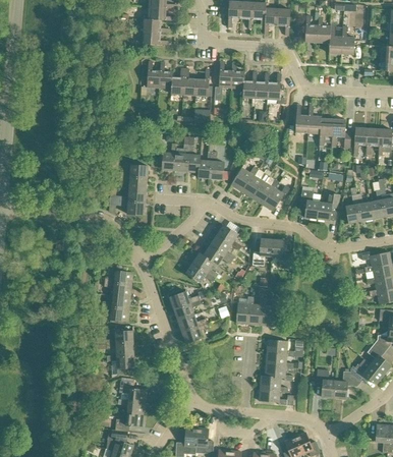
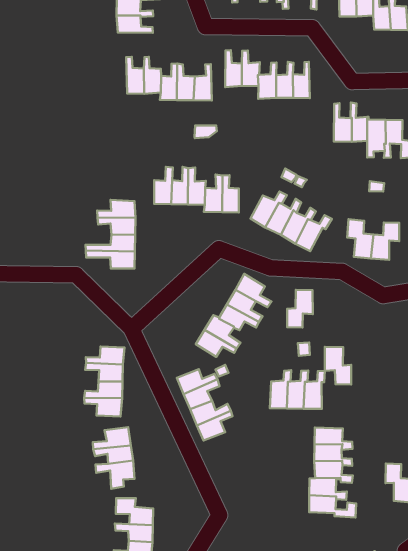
building: [272,239,291,268] -> [325,347,351,385]

